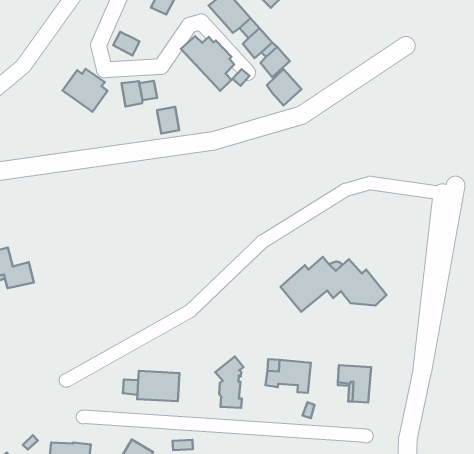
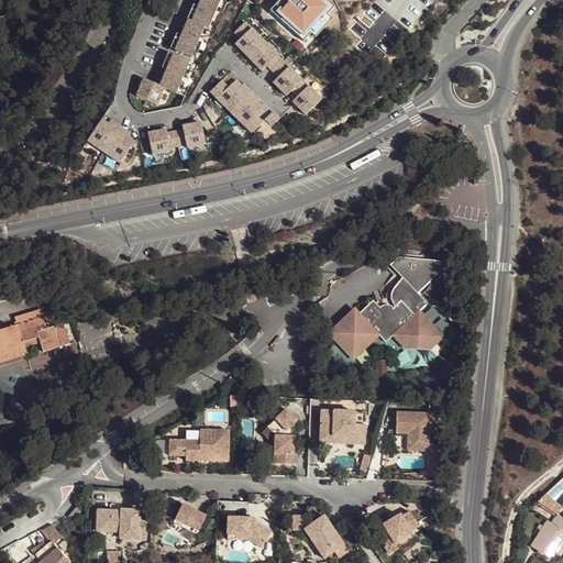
building: none -> [159,52,190,90]
building: [267,69,302,105] -> none
building: [157,107,179,133] -> [183,119,207,147]
building: none -> [390,258,444,316]

